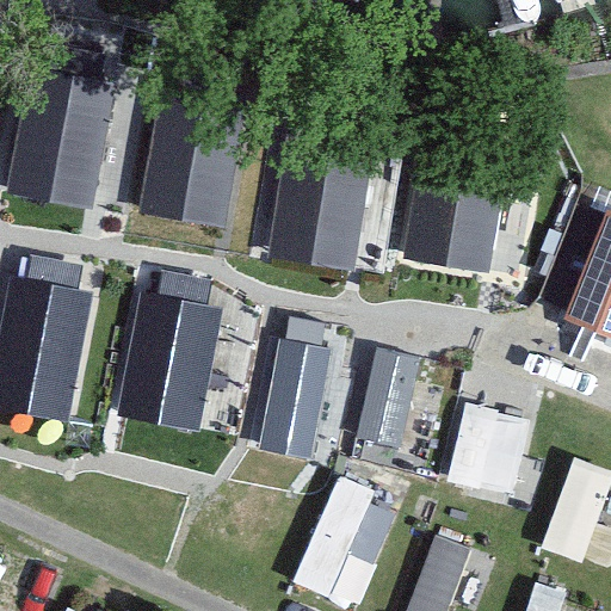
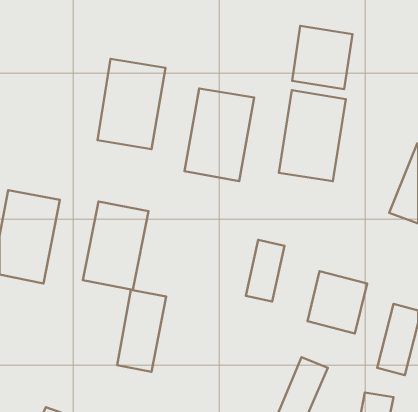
building: none -> [292,26,352,89]
building: [8,76,110,209] -> none
building: [259,350,331,469] -> [117,290,166,372]
building: [298,470,403,598] -> none

